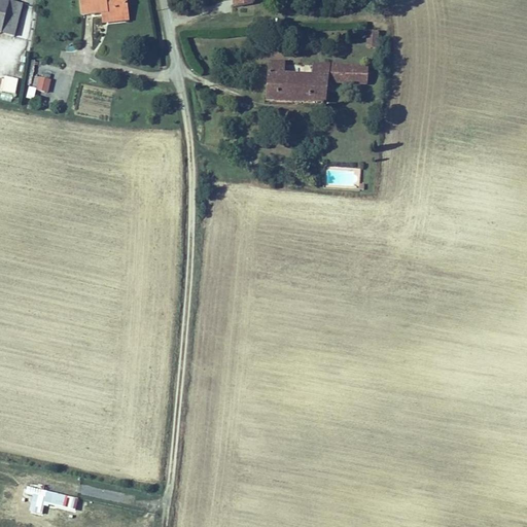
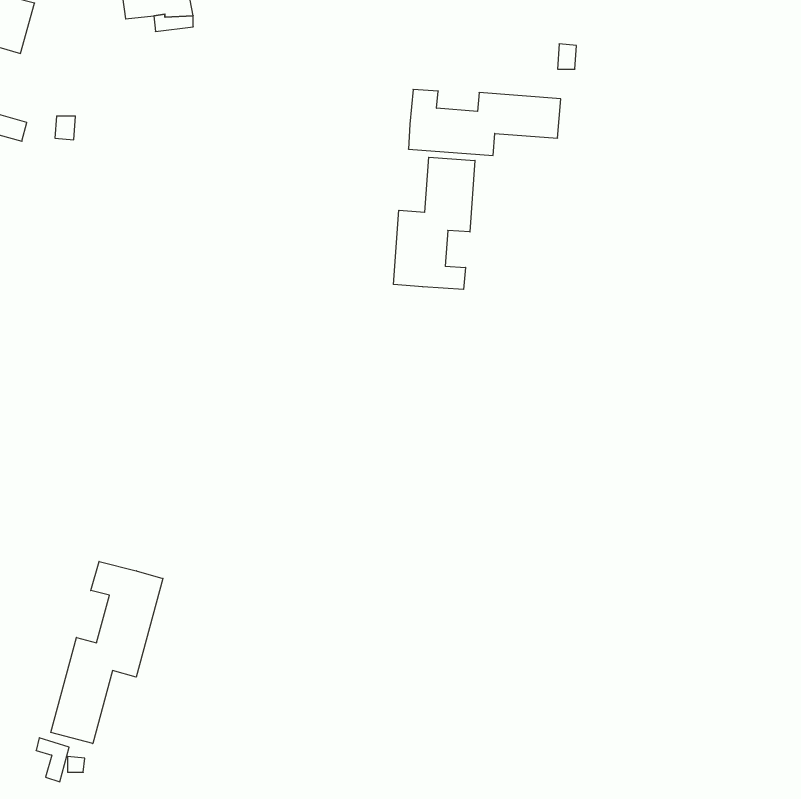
building: none -> [393,157,475,289]
building: none -> [51,561,163,744]

